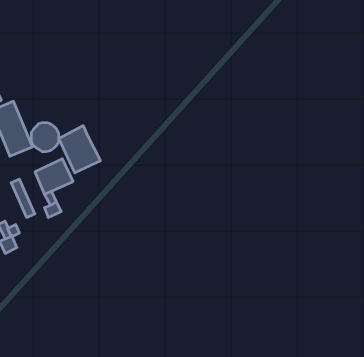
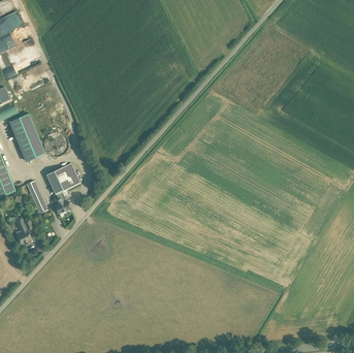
building: [59,126,100,173] -> none

